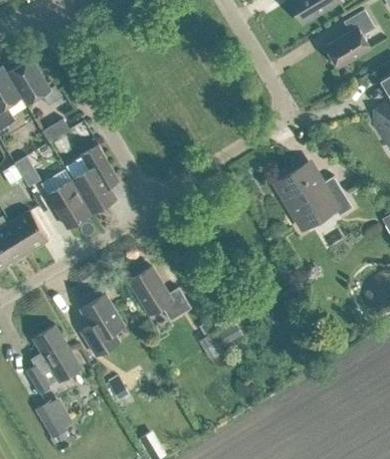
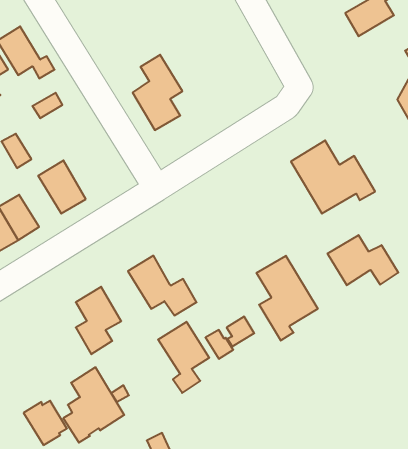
building: [72,145,118,213] -> [133,55,182,130]
building: none -> [328,235,398,285]
building: none -> [257,256,318,341]
building: [25,324,80,393] -> [63,367,124,443]
building: none -> [158,322,209,393]

